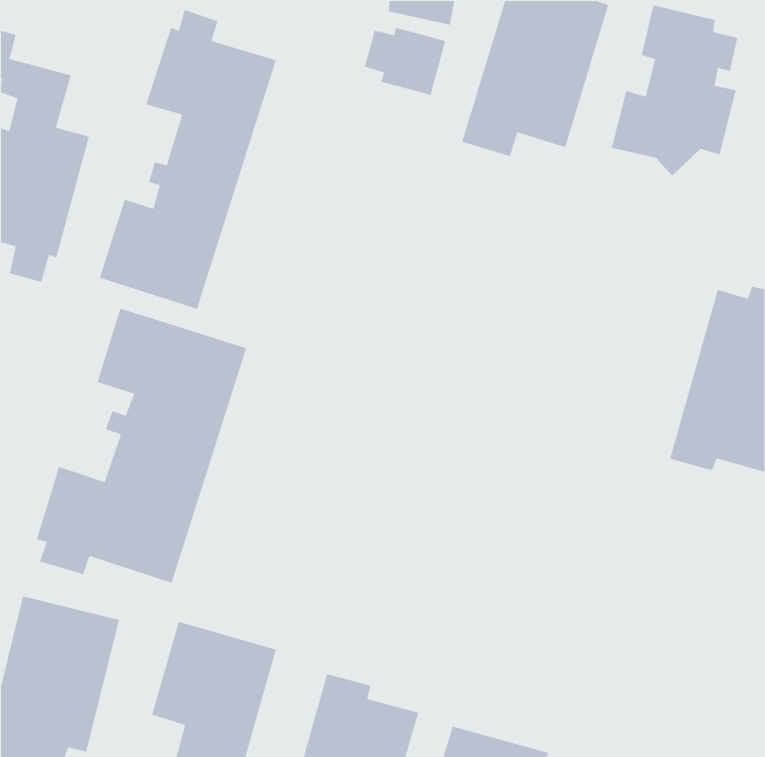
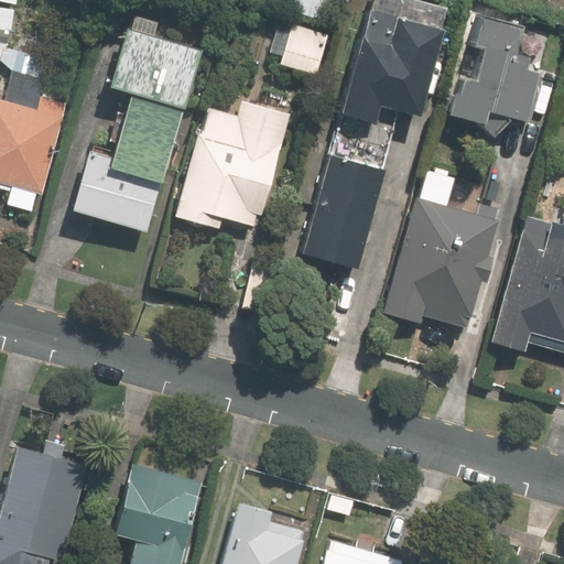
building: none -> [175,100,292,230]
building: none -> [303,149,388,268]
building: none -> [381,197,498,328]
building: [36,307,247,584] -> none

